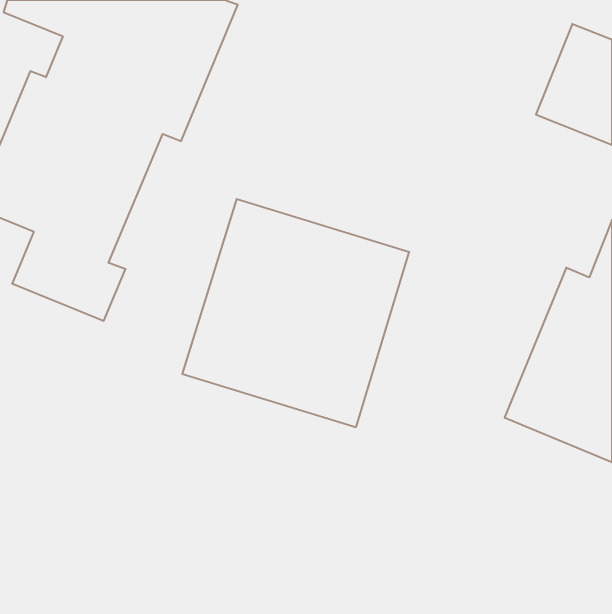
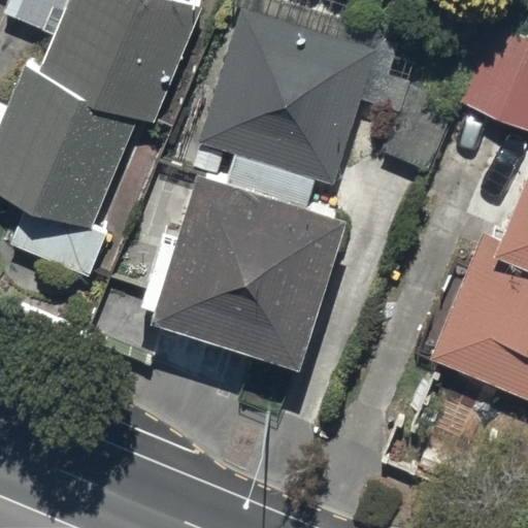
building: none -> [199,7,376,184]

